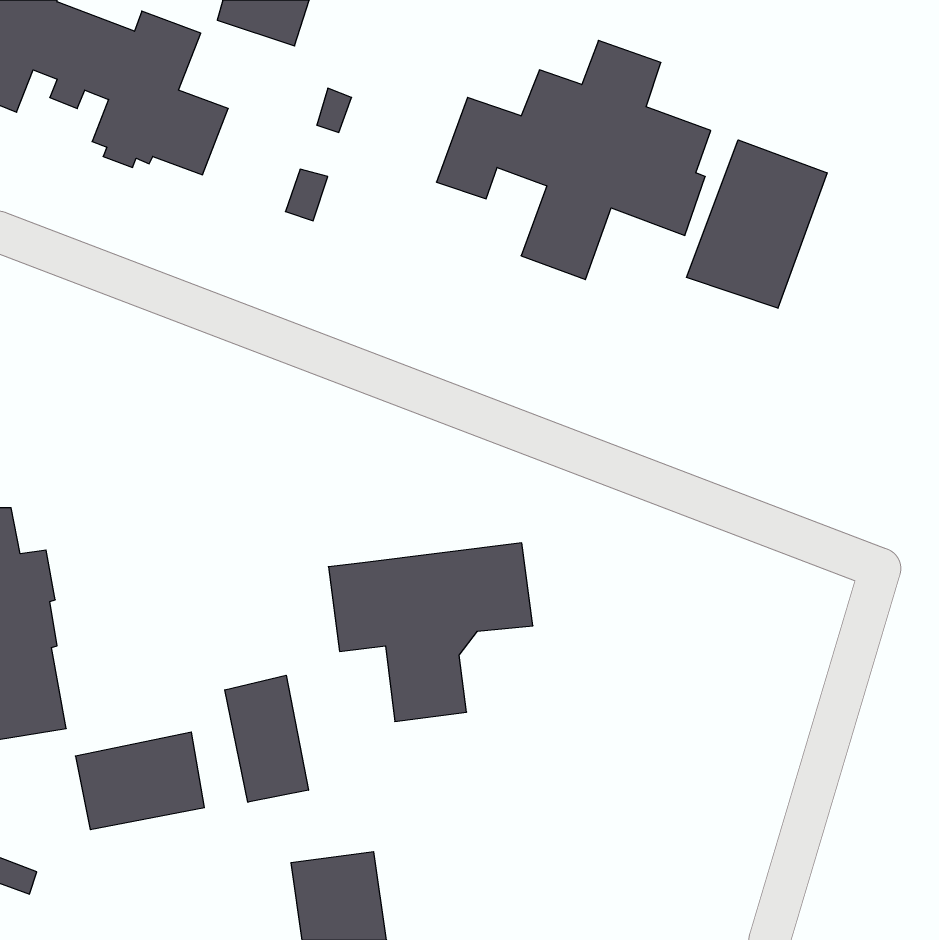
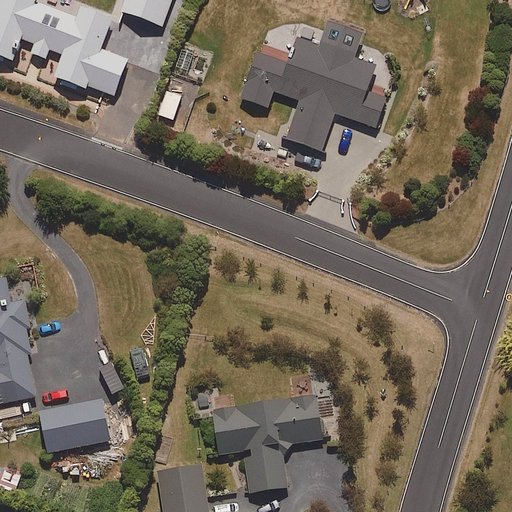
building: [686,140,827,308] -> none
building: [328,543,533,721] -> [213,394,324,491]
building: [225,675,308,802] -> none

